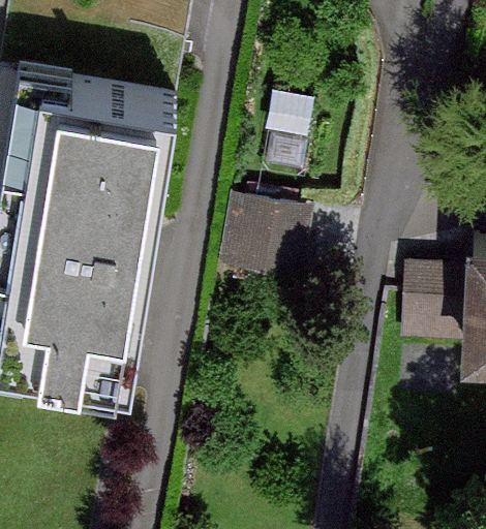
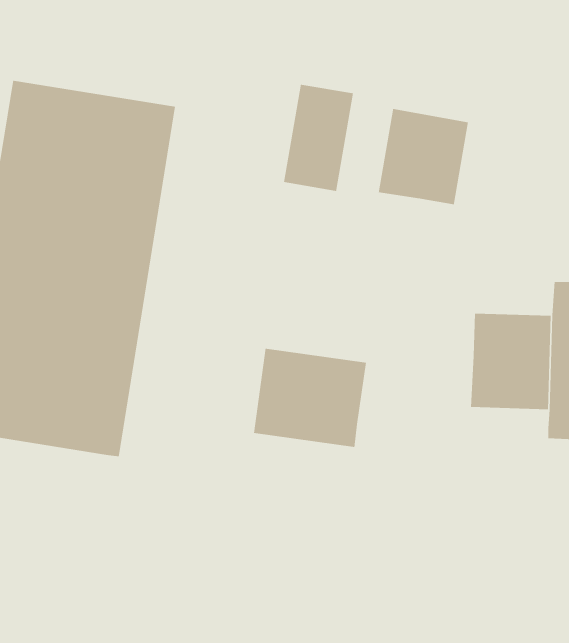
building: none -> [378,108,469,205]
building: [221,192,311,271] -> [253,348,367,448]

